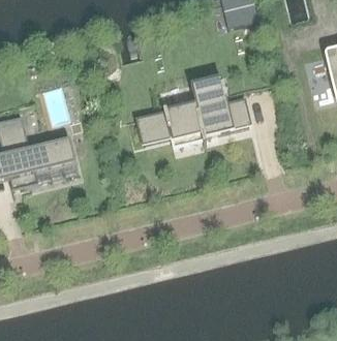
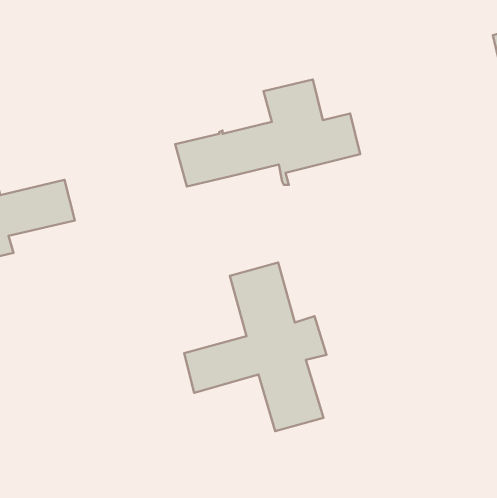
building: none -> [184,262,326,431]

